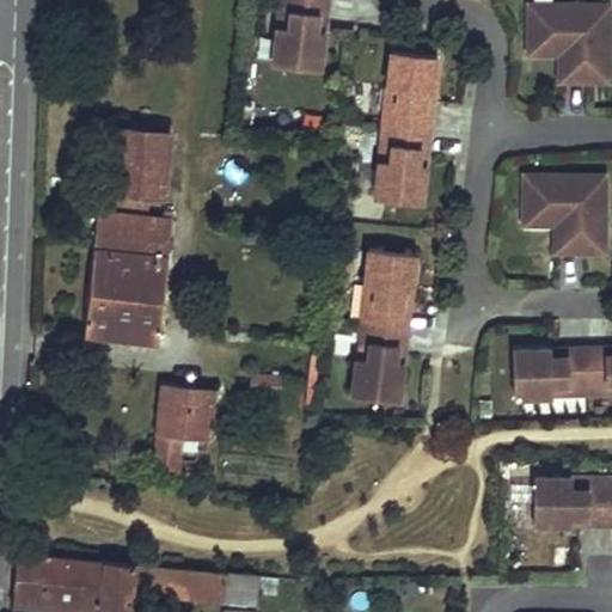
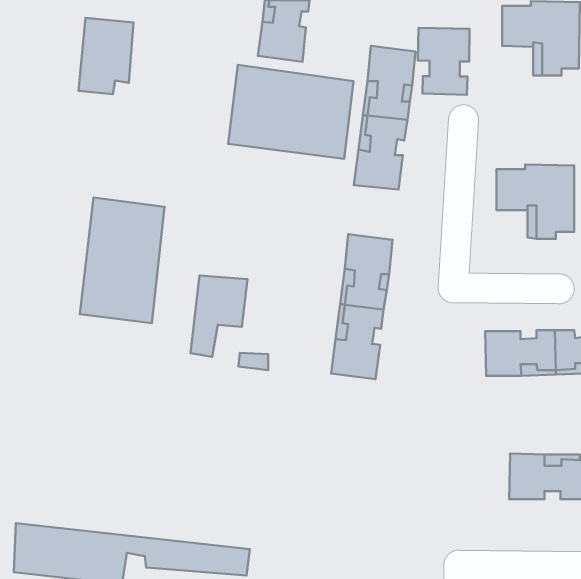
building: none -> [418,28,470,95]
building: none -> [228,65,353,159]
building: [115,130,172,210] -> [79,18,133,94]
building: [157,388,216,473] -> [191,276,248,357]

